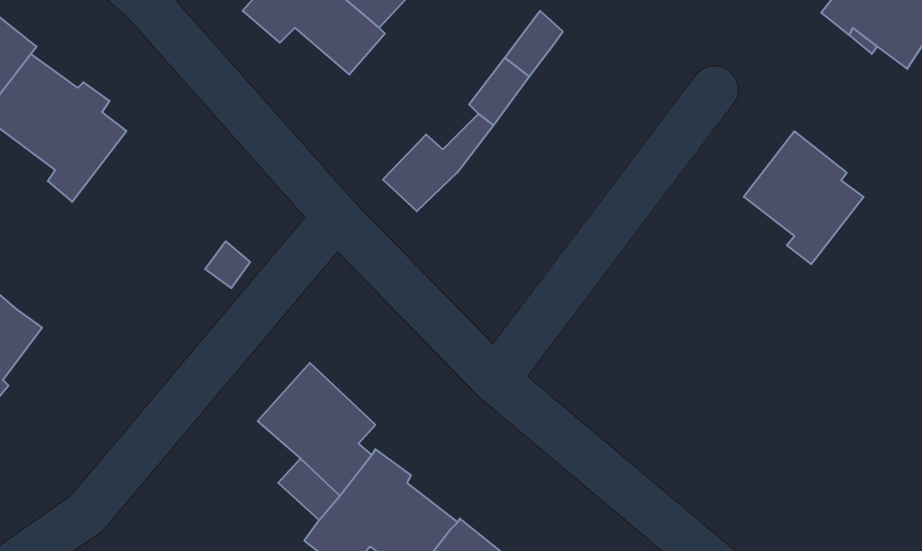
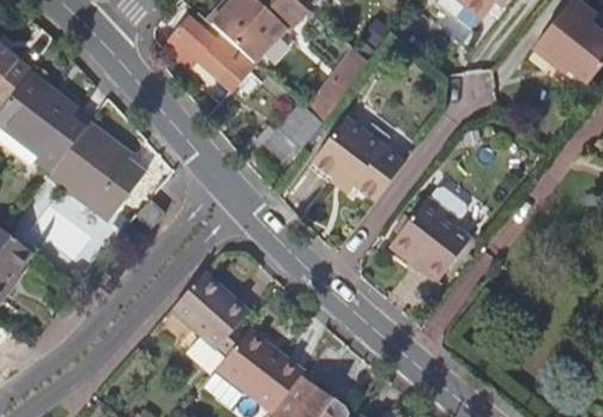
building: none -> [316,114,408,197]
building: none -> [52,117,146,217]
building: [744,131,864,264] -> [397,195,474,280]

